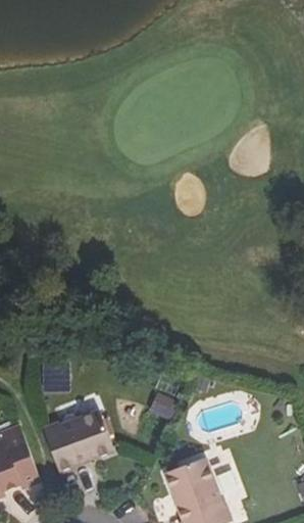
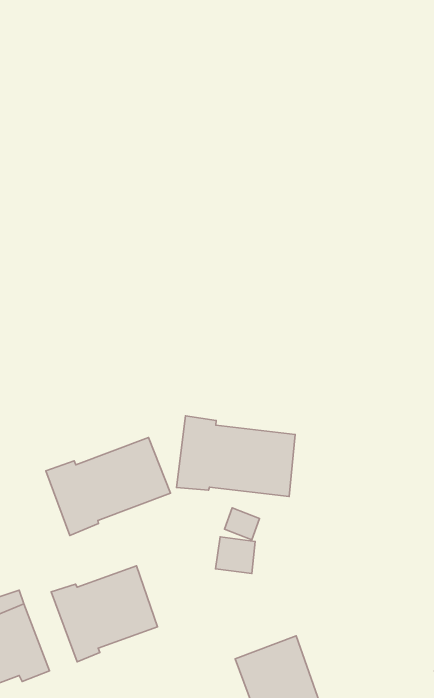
building: none -> [176,416,295,496]
building: none -> [46,437,170,536]

